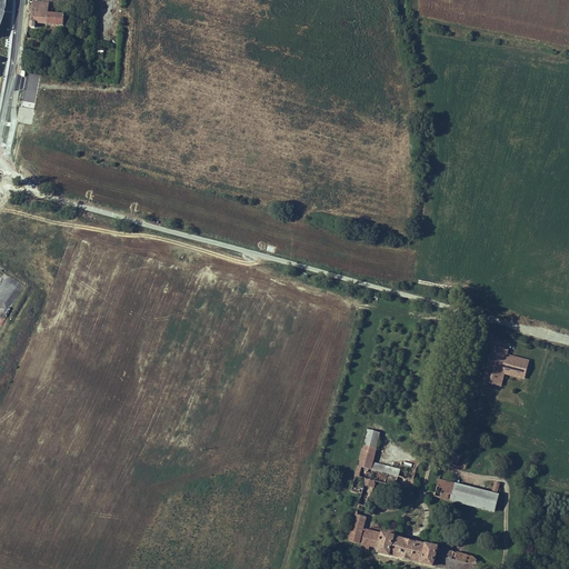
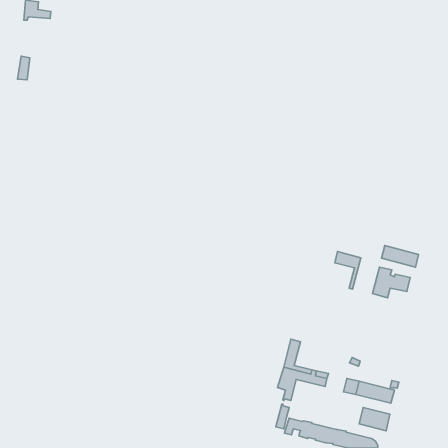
building: none -> [382,245,419,267]
building: none -> [335,252,361,289]
building: none -> [359,408,390,431]

